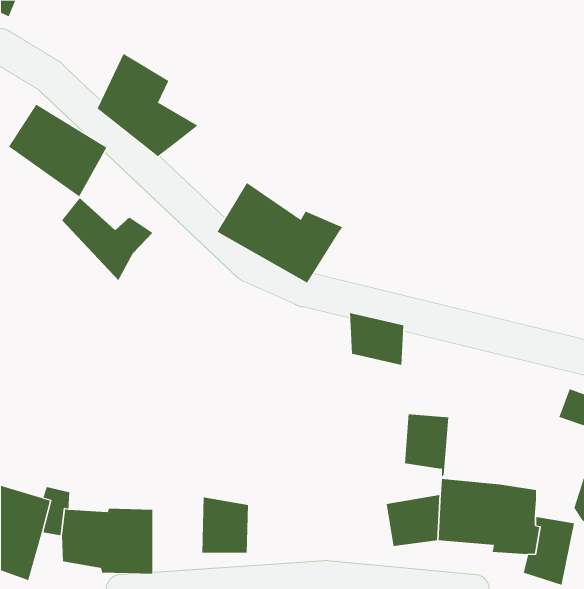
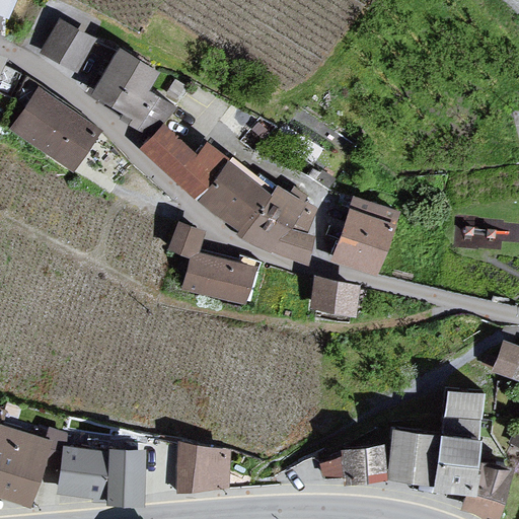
building: none -> [49,21,98,70]
building: [61,197,153,281] -> [143,126,224,200]
building: none -> [332,198,400,277]
building: none -> [275,204,319,258]
building: none -> [171,223,255,306]
building: [404,414,449,478] -> [444,382,484,439]

